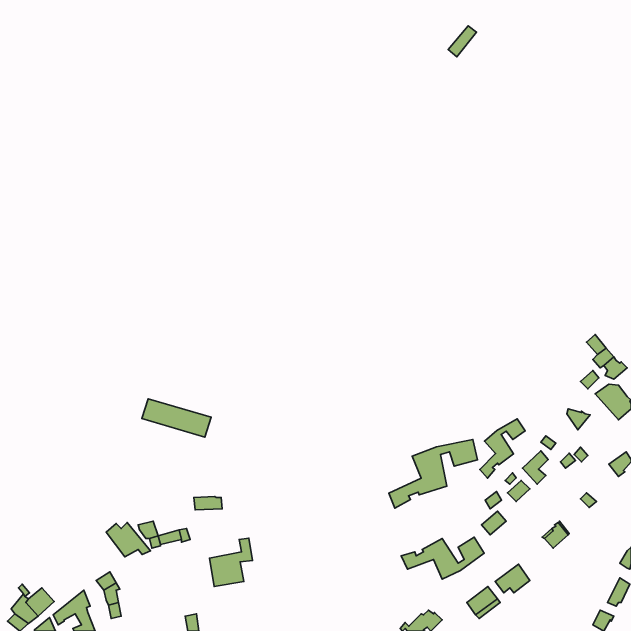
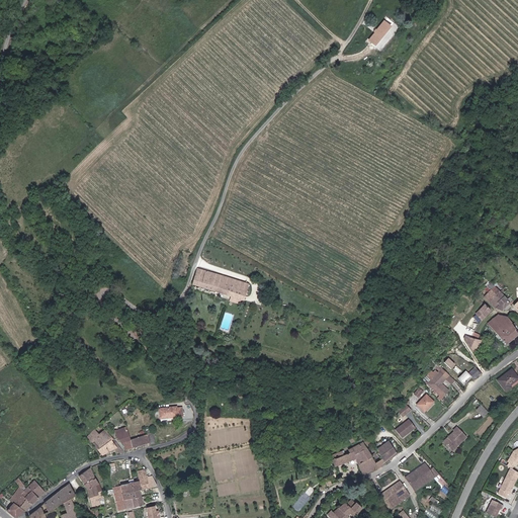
building: [142,399,211,437] -> [193,268,250,299]
building: [480,419,525,478] -> none
building: [389,439,477,508] -> none
building: [209,538,253,586] -> [113,469,149,509]

